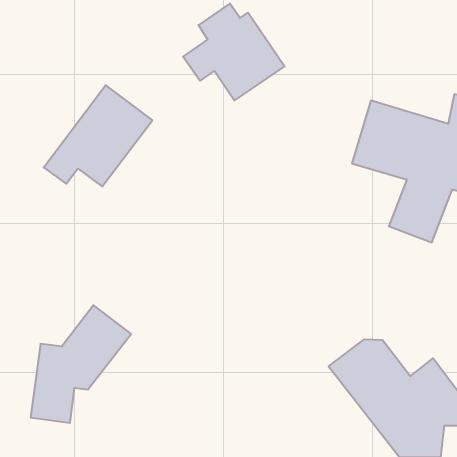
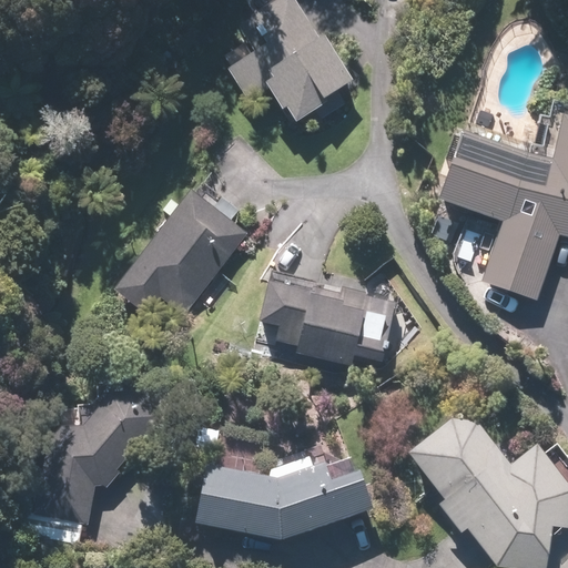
building: [44,85,152,187] -> [114,191,248,316]
building: none -> [257,283,396,365]
building: none -> [196,452,372,539]

